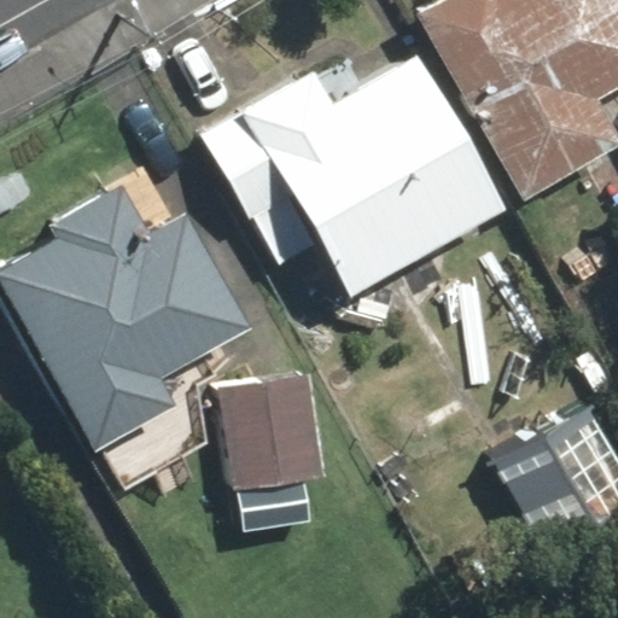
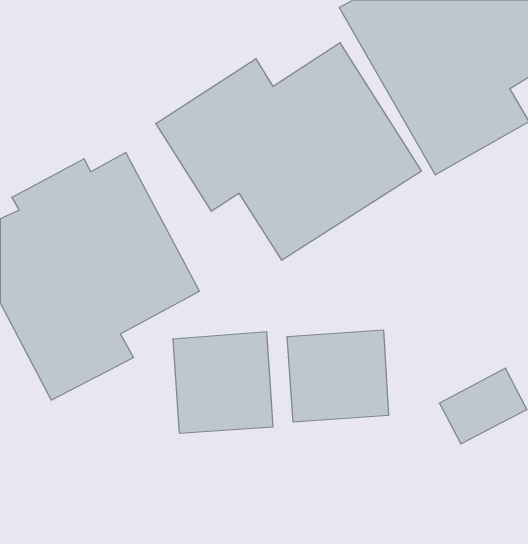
building: none -> [287,330,388,422]

